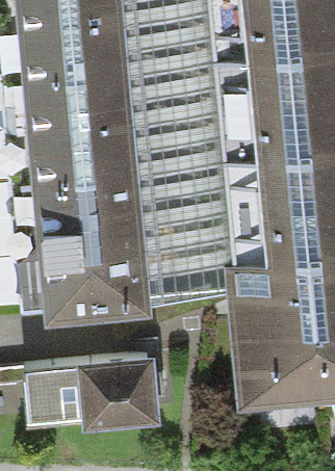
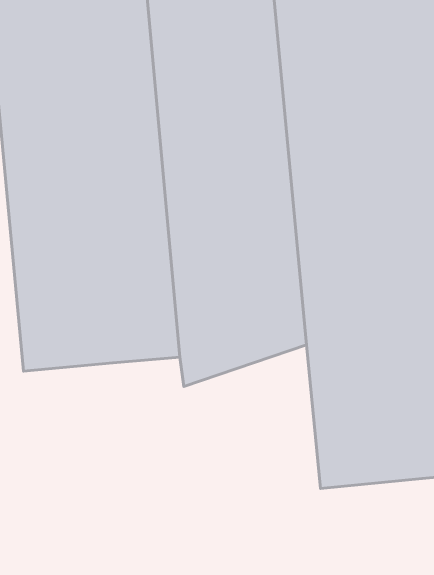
building: [25,354,163,423] -> none

